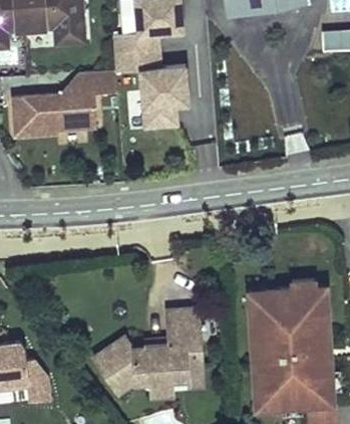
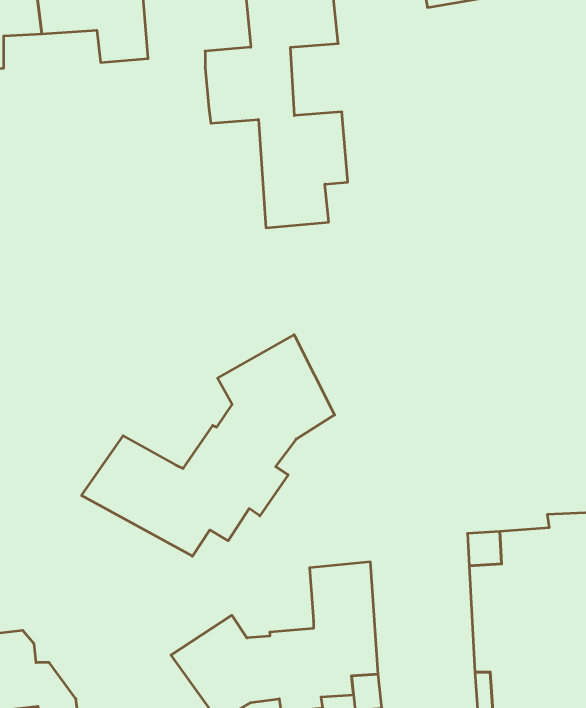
building: [9,73,114,138] -> none
building: none -> [82,335,335,556]

